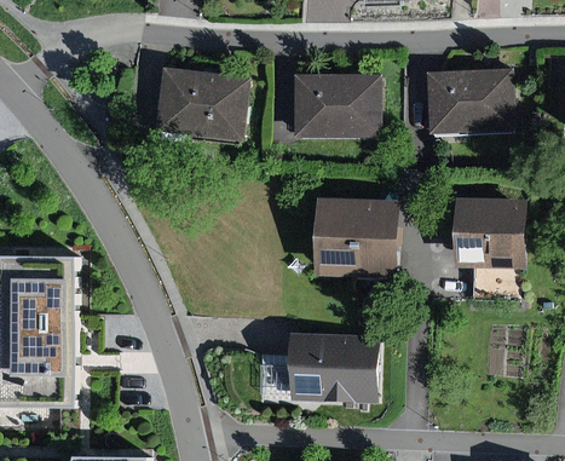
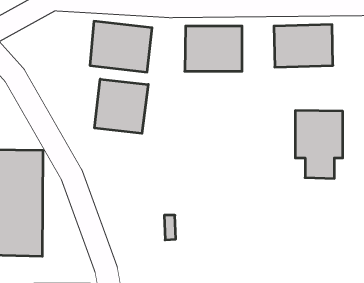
building: none -> [95,79,148,133]
building: [313,197,403,289] -> none
building: [290,332,375,402] -> none

